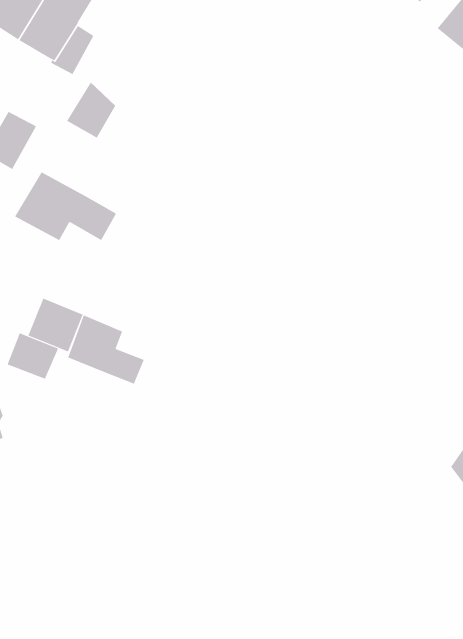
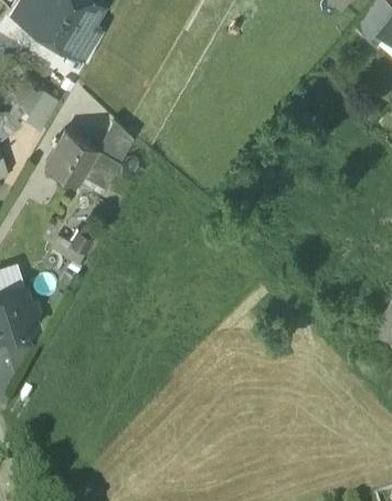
building: [66,82,116,139] -> [96,123,133,165]
building: [68,315,145,385] -> none
building: [7,332,59,380] -> none

